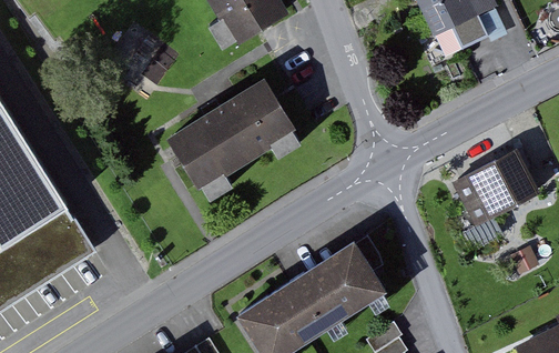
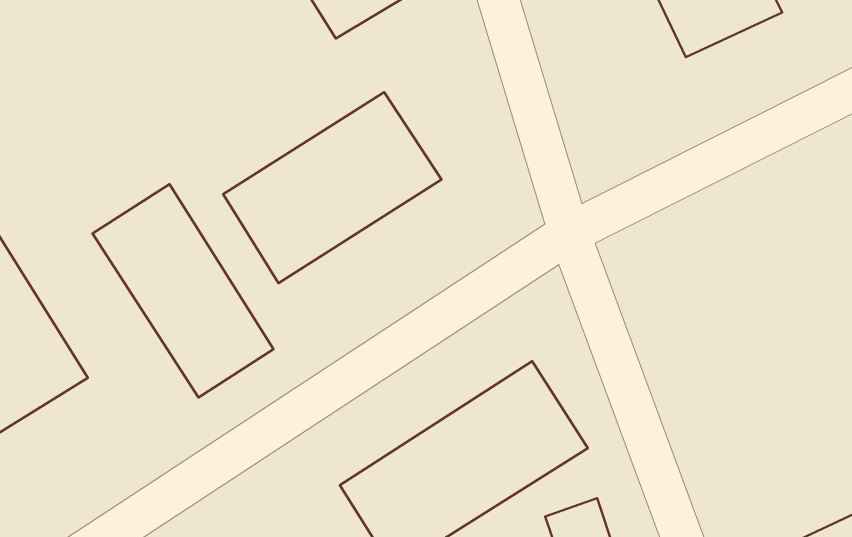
building: none -> [92,184,273,398]
building: [451,148,540,226] -> none

